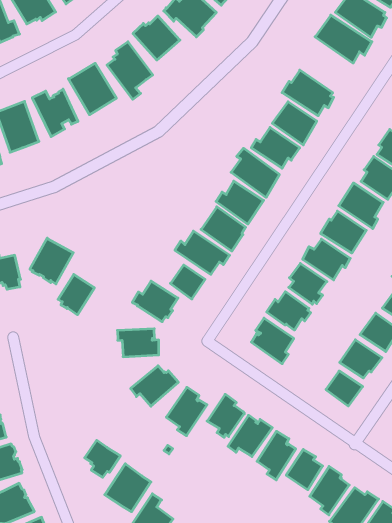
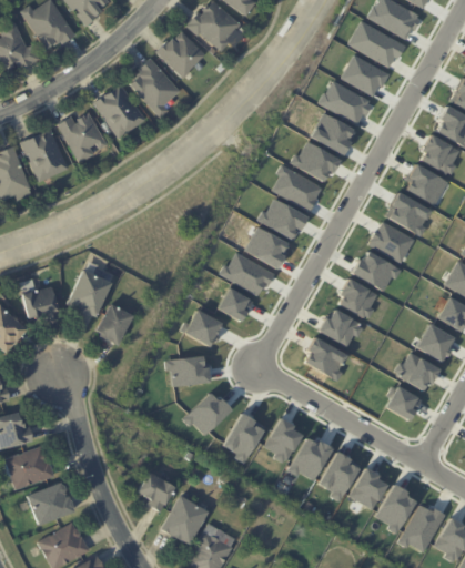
building: none -> [341,53,390,97]

